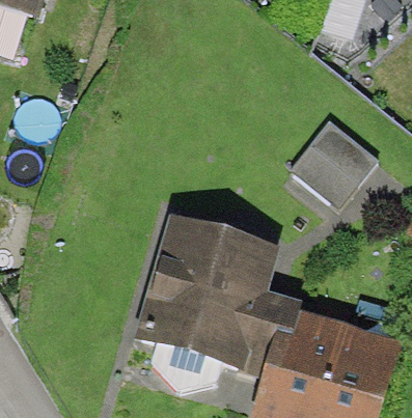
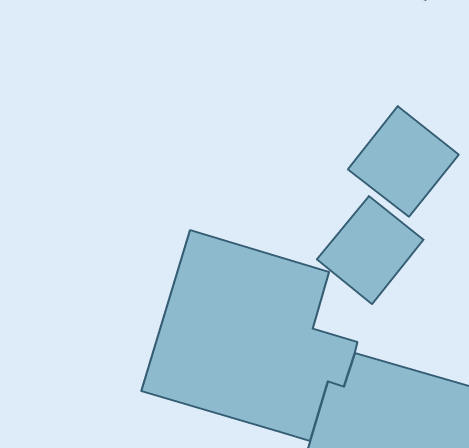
building: none -> [317,196,424,304]

